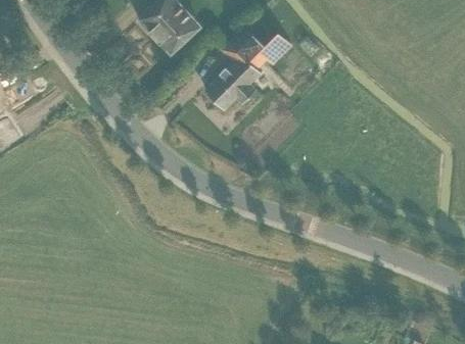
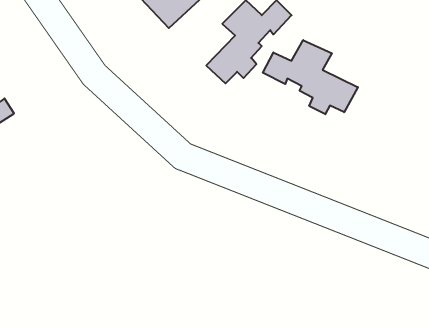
building: none -> [263,40,358,114]

